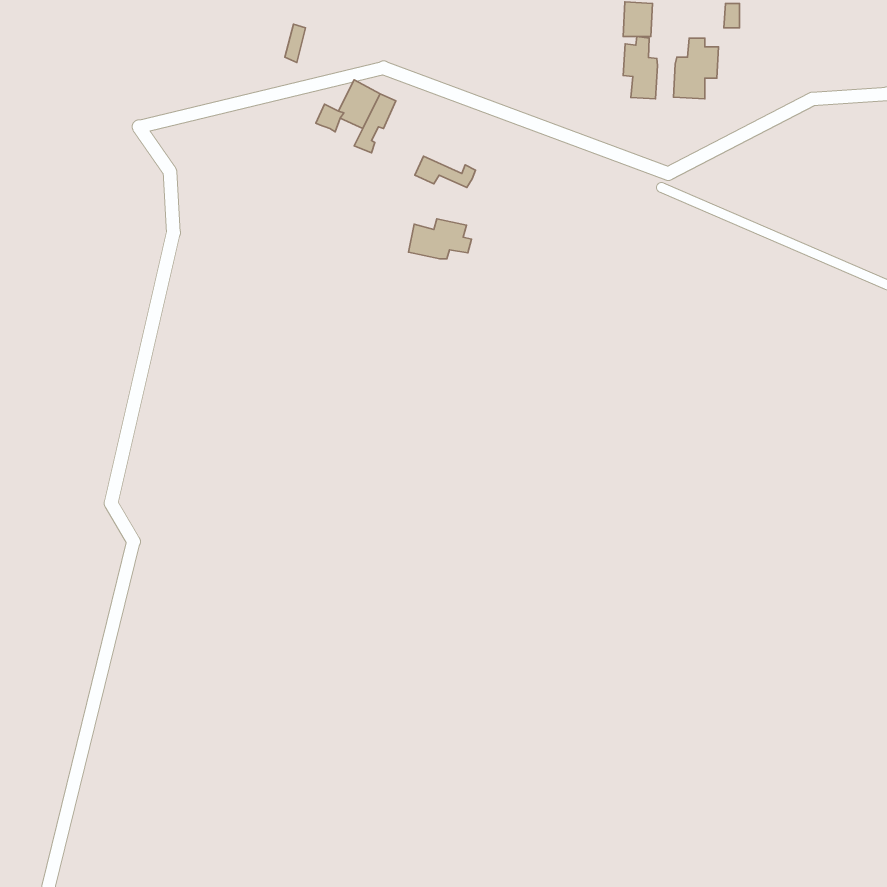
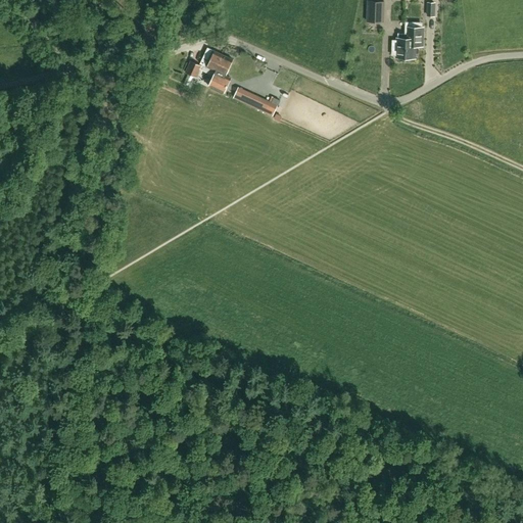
building: [623,36,657,99] -> none
building: [409,219,471,259] -> none

